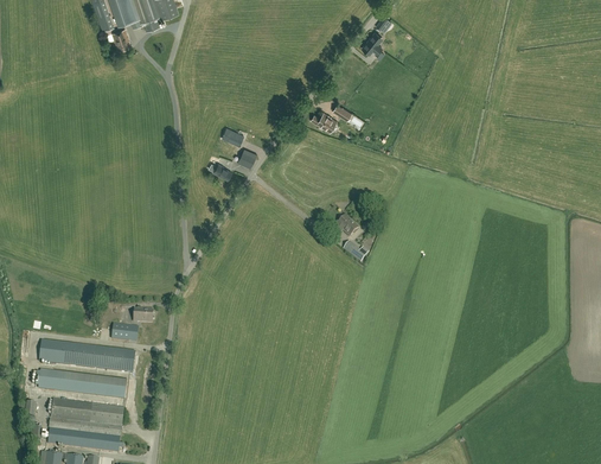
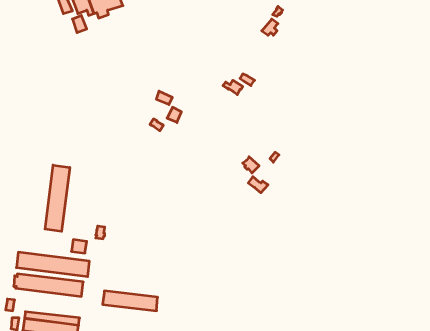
building: none -> [45,165,70,231]
building: [50,398,122,424] -> [103,291,158,311]

